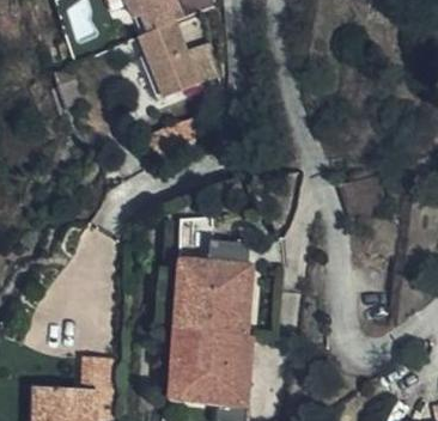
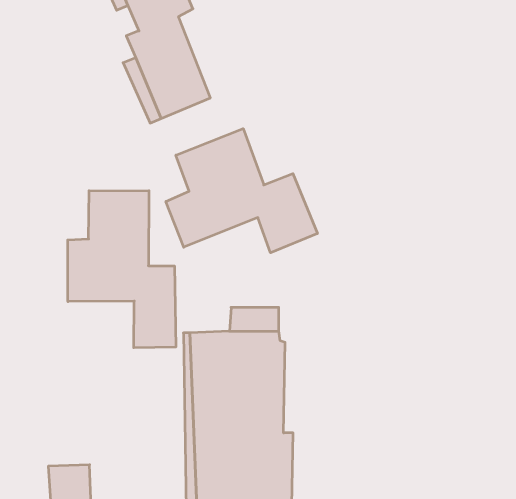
building: none -> [166,129,317,253]
building: none -> [68,191,176,348]

